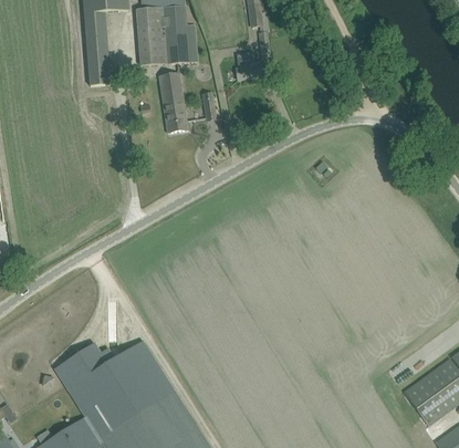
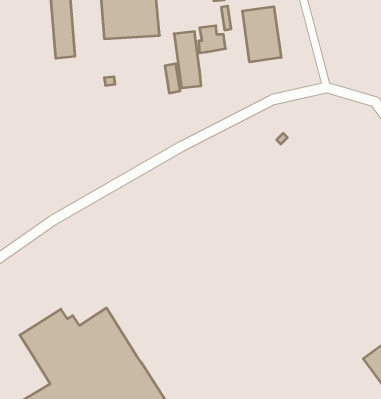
building: none -> [242,7,281,62]
building: [159,74,187,132] -> [174,32,201,88]

